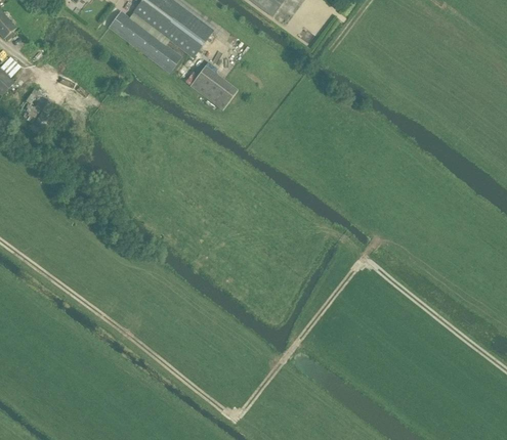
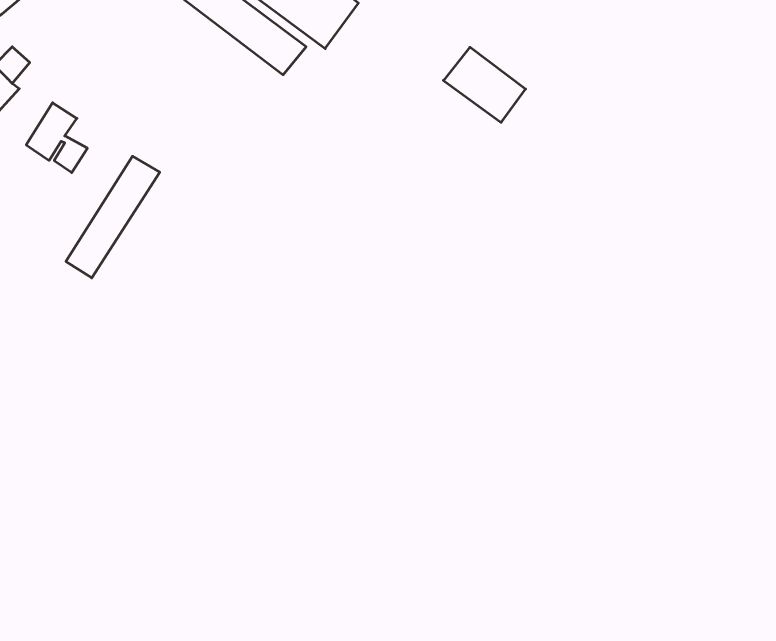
building: [188,65,237,109] -> [443,47,526,122]
building: none -> [66,156,160,278]

